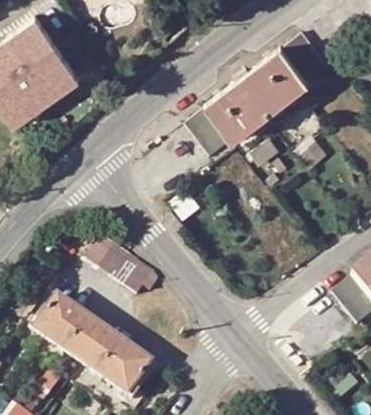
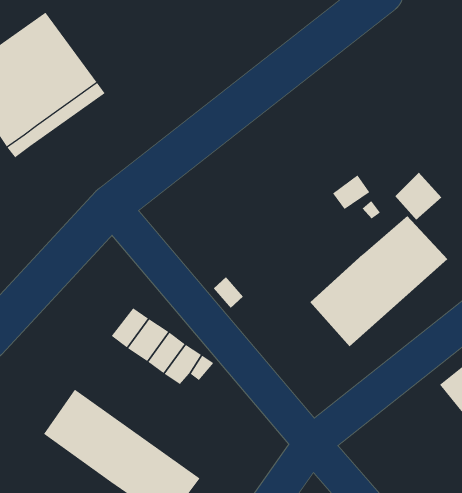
building: [185,29,327,153] -> none
building: none -> [310,215,448,347]

